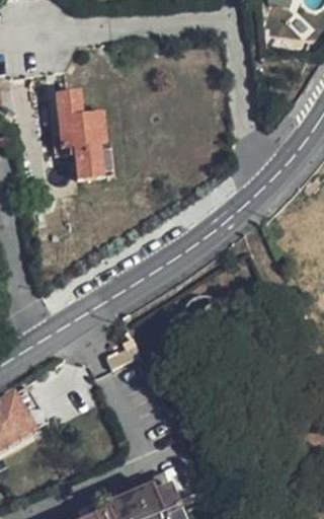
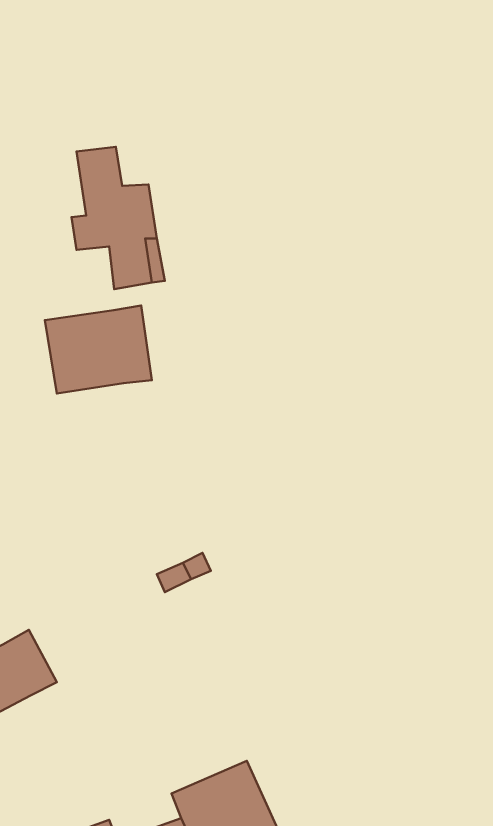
building: none -> [45,306,152,393]

